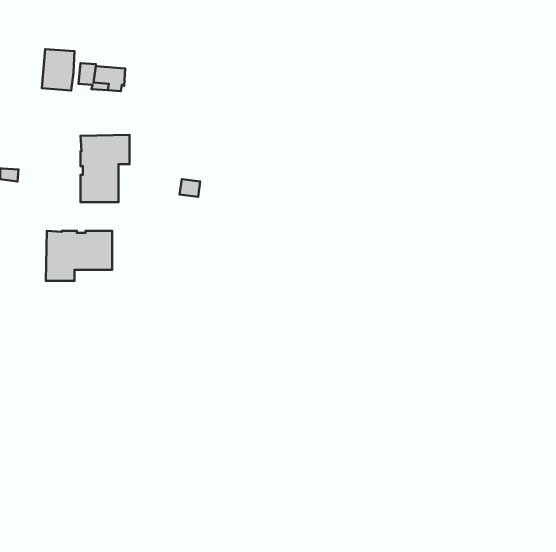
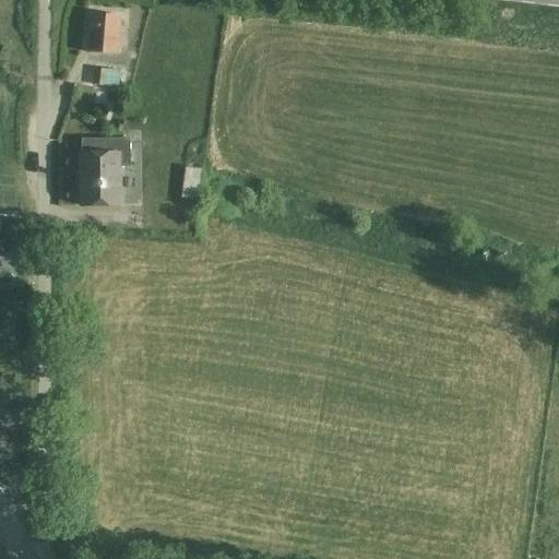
building: [42,49,75,90] -> [87,11,120,52]
building: [46,231,112,281] -> none

